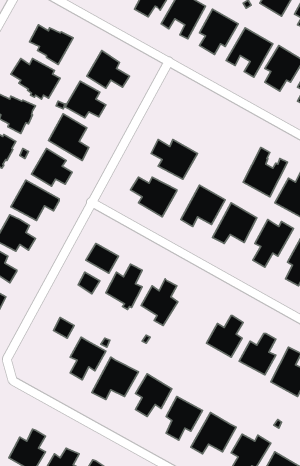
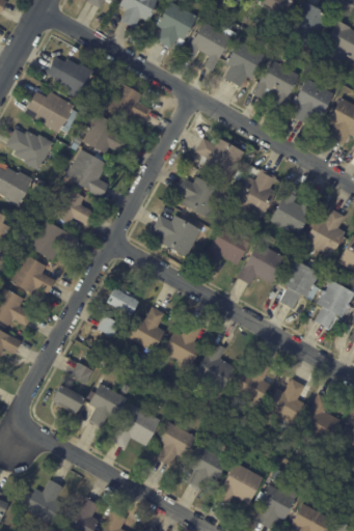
building: none -> [196,138,244,179]
building: none -> [235,169,276,218]
building: none -> [193,341,236,393]
building: none -> [52,386,84,413]

